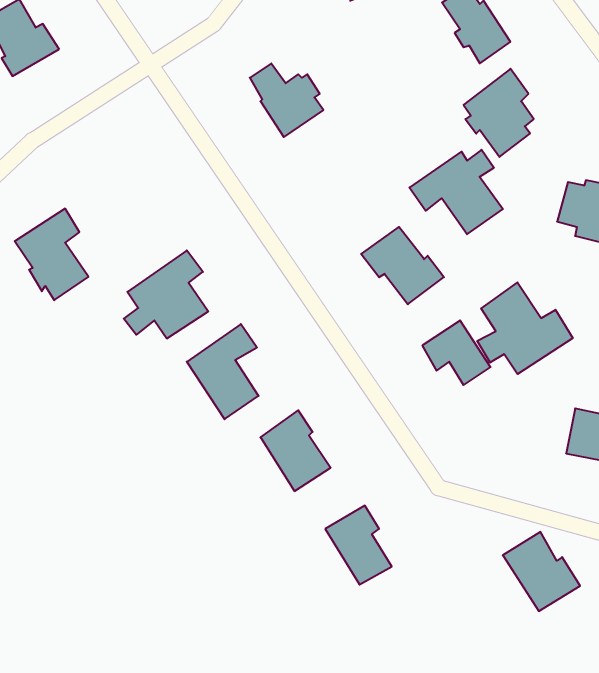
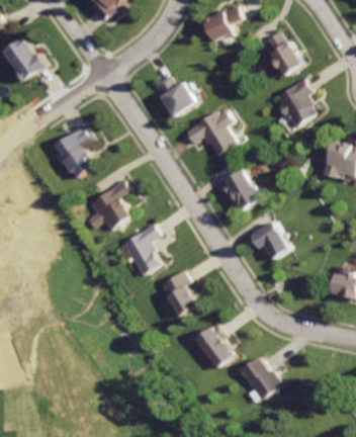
building: [409,150,503,234] -> [182,110,235,158]
building: [15,209,88,300] -> [52,126,93,178]
building: [477,282,573,374] -> none
building: [503,532,580,611] -> [238,357,281,402]

